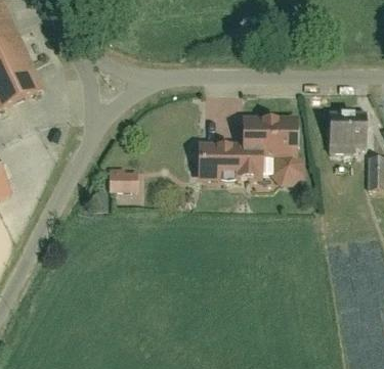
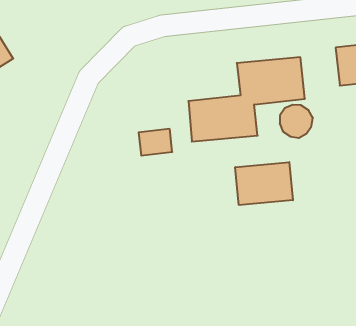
building: [113,168,140,188] -> [139,129,172,155]
building: none -> [235,162,293,205]

